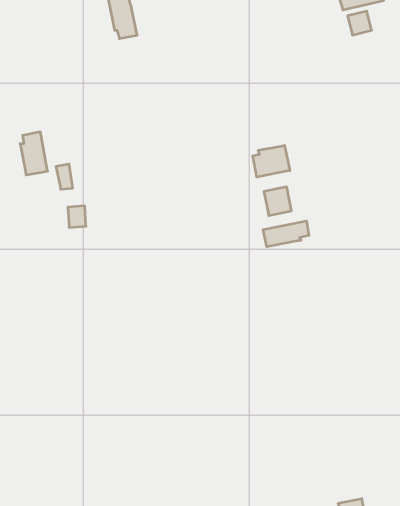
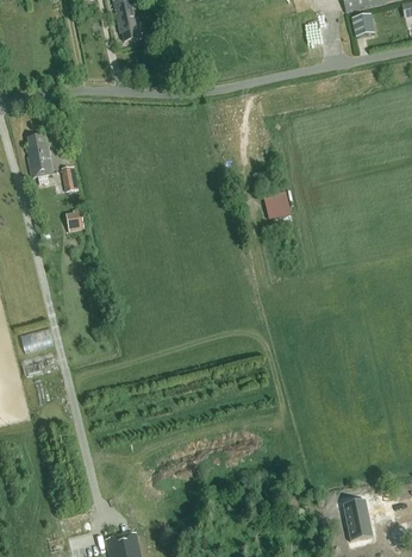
building: [253,145,290,177] -> none
building: [263,221,309,247] -> none

